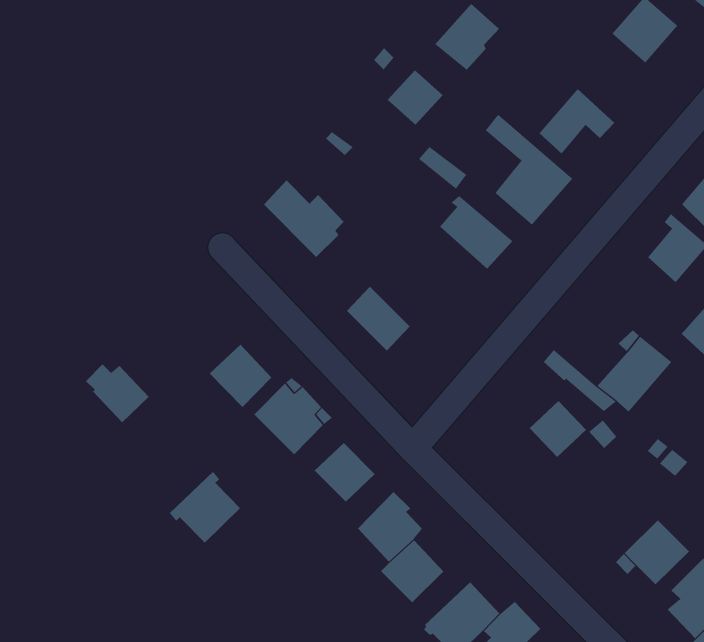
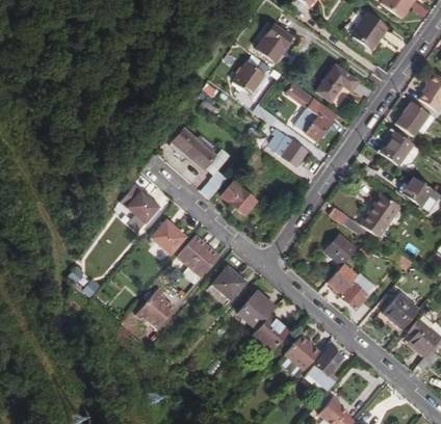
building: [85,363,150,423] -> [123,191,158,222]
building: none -> [328,265,371,309]

